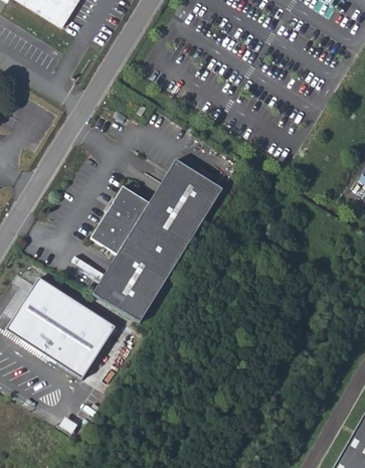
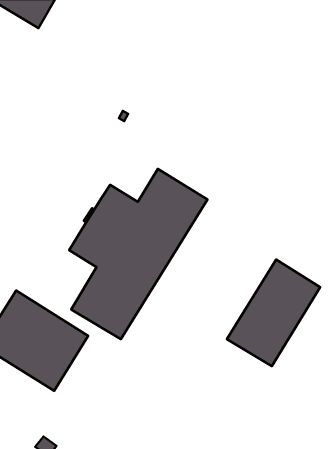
building: none -> [227,259,320,366]

